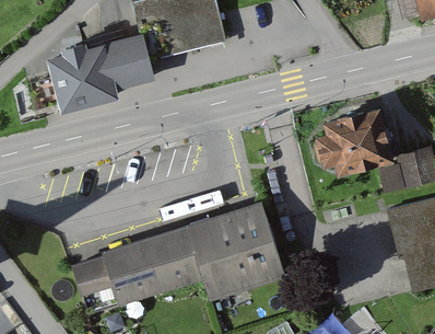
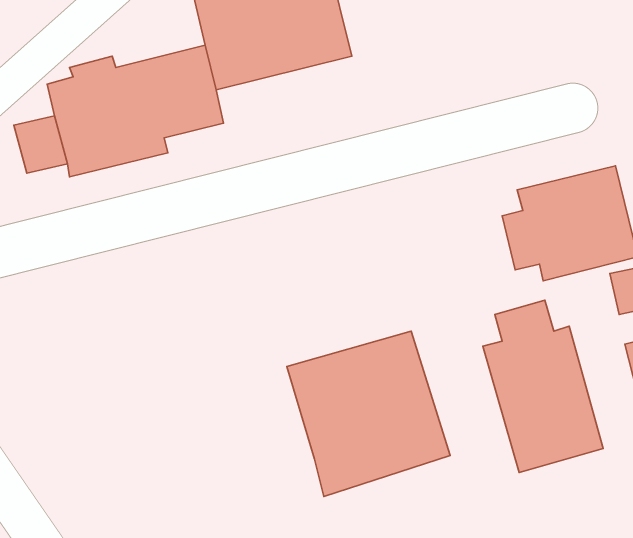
building: none -> [483,300,603,473]
building: [74,223,205,313] -> none

